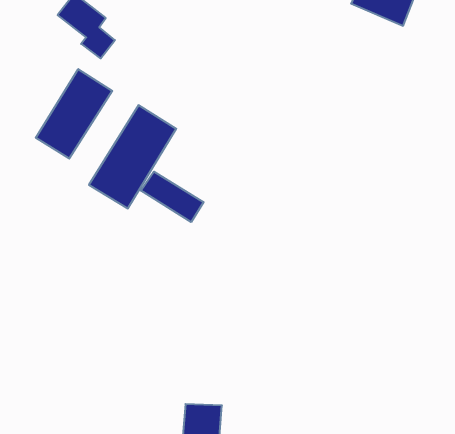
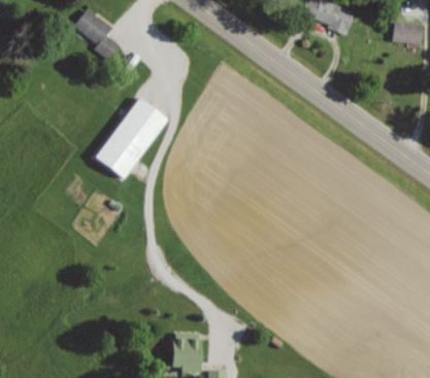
building: [36,69,112,159] -> none
building: [141,172,204,222] -> none

